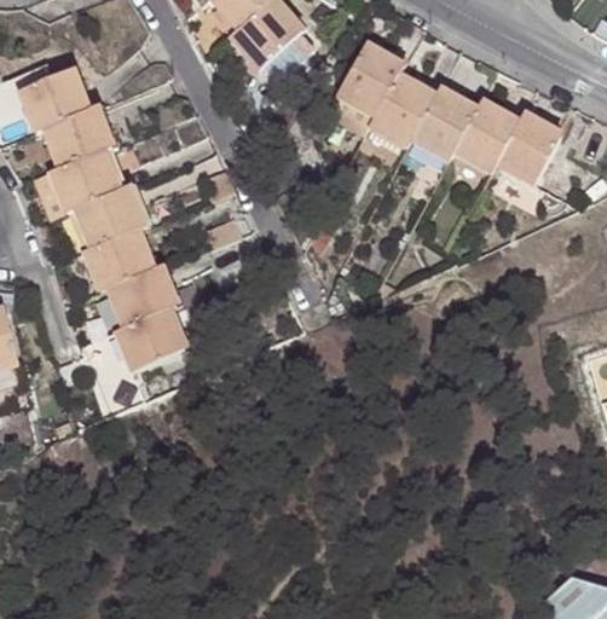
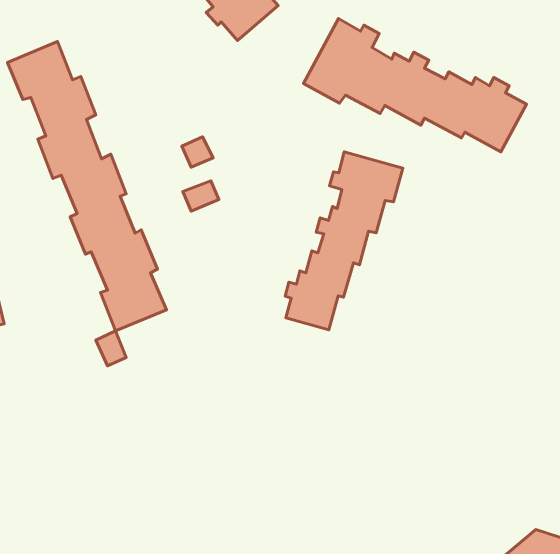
building: none -> [285,152,403,330]

